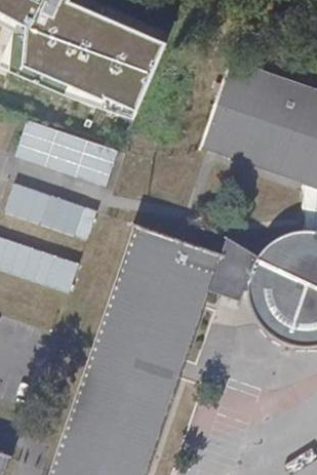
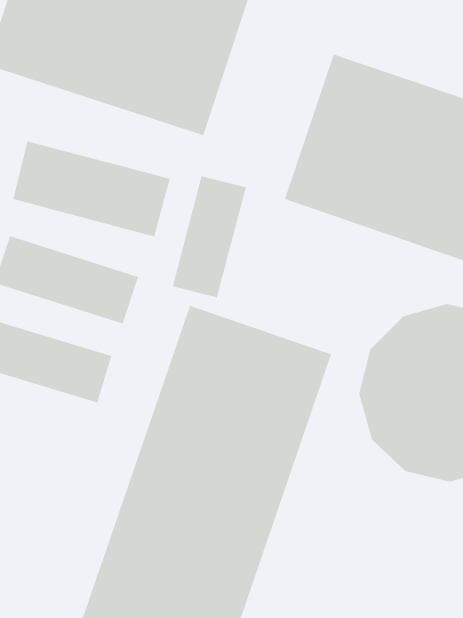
building: none -> [172,176,247,298]

